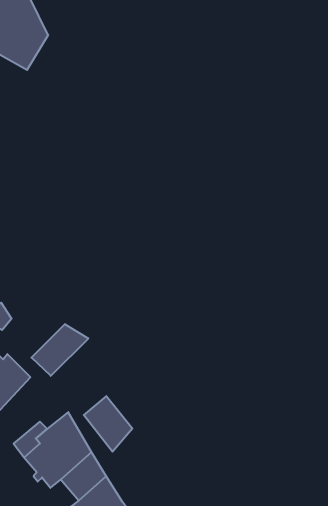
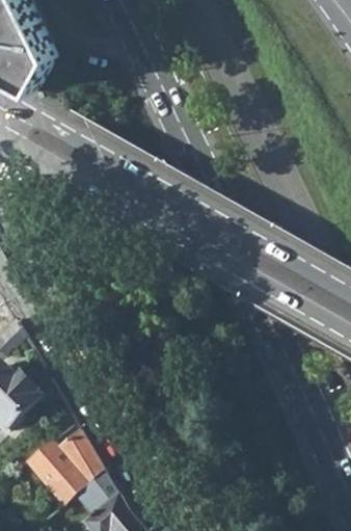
building: [31,324,88,376] -> none
building: [84,396,132,452] -> none

